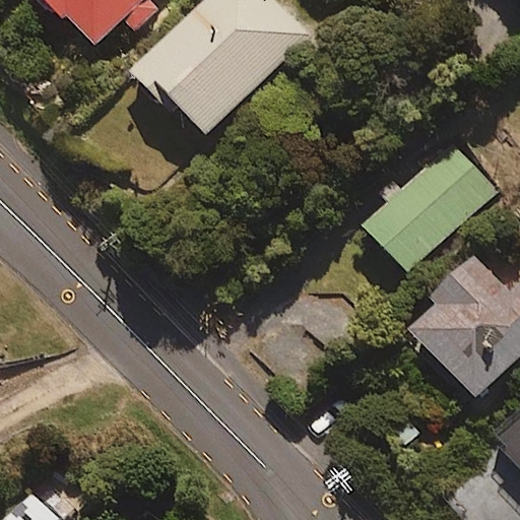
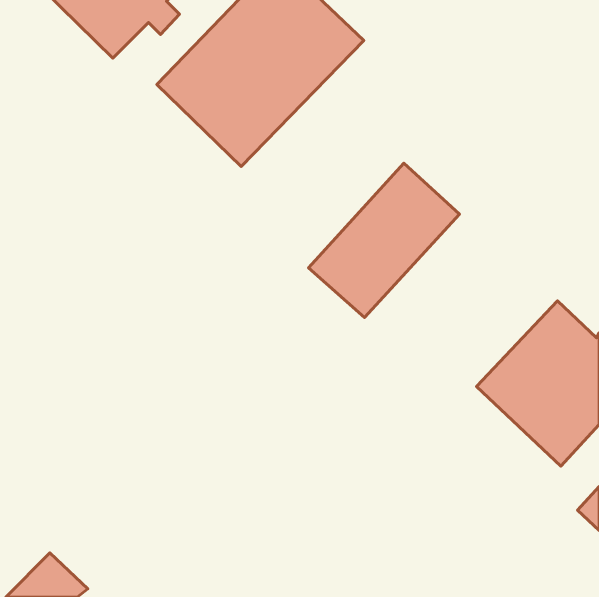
building: [362,137,491,269] -> [309,163,460,318]

